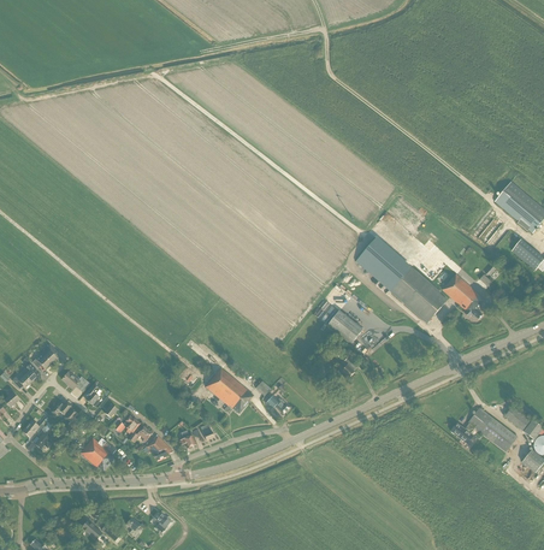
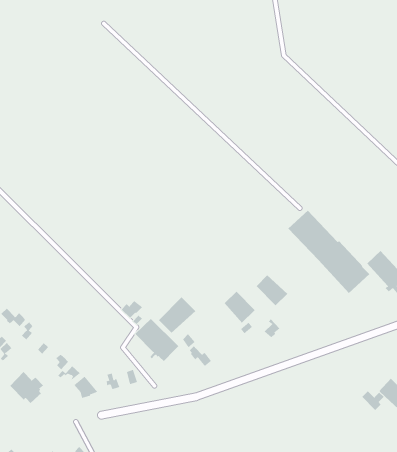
building: none -> [224,291,256,323]
building: none -> [158,296,196,334]

